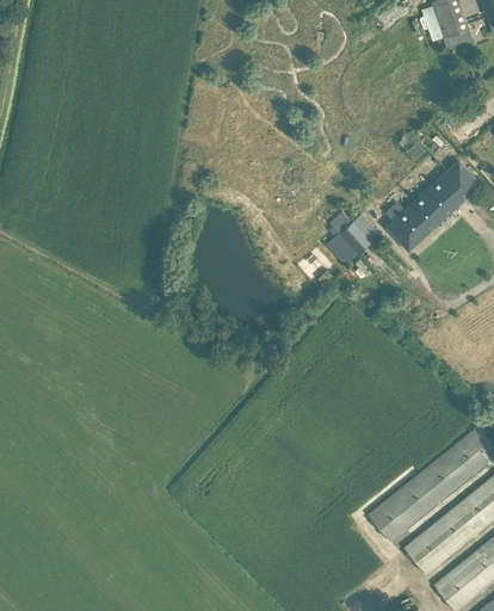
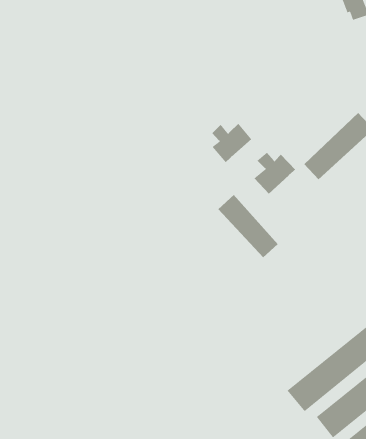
building: none -> [211,123,252,163]
building: none -> [218,194,279,258]

